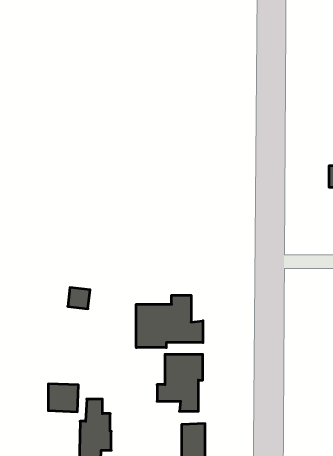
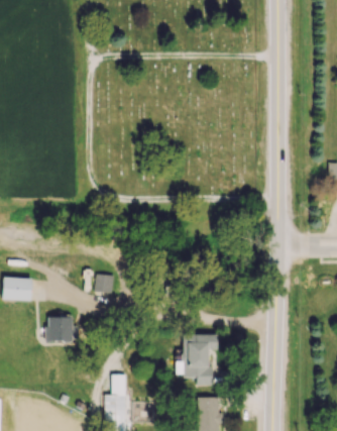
building: [136,295,203,348] -> none
building: [48,384,78,412] -> [46,316,74,341]

